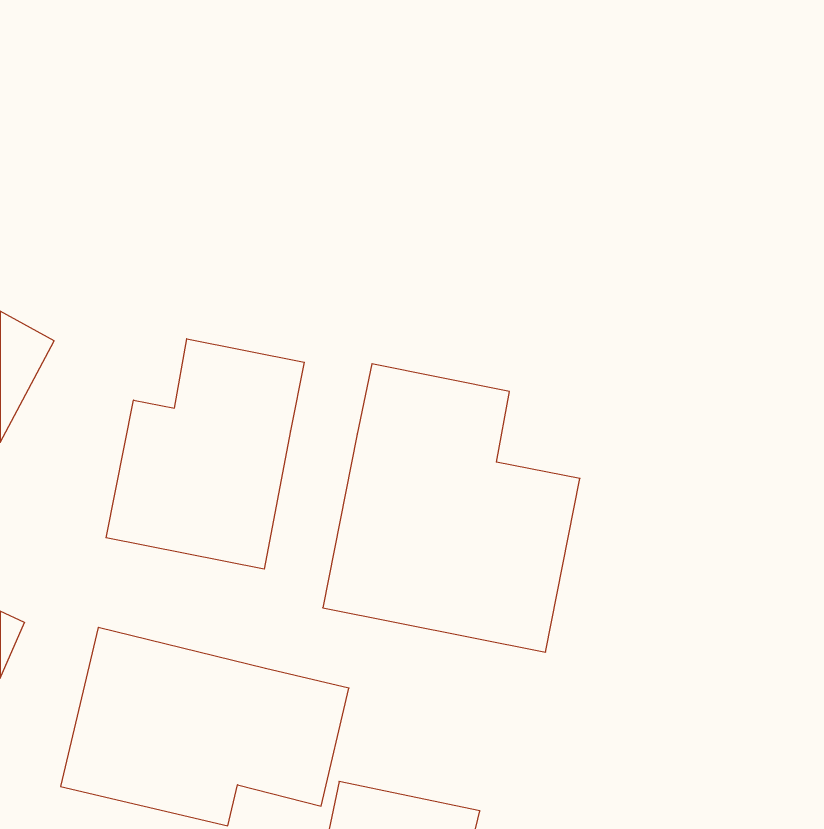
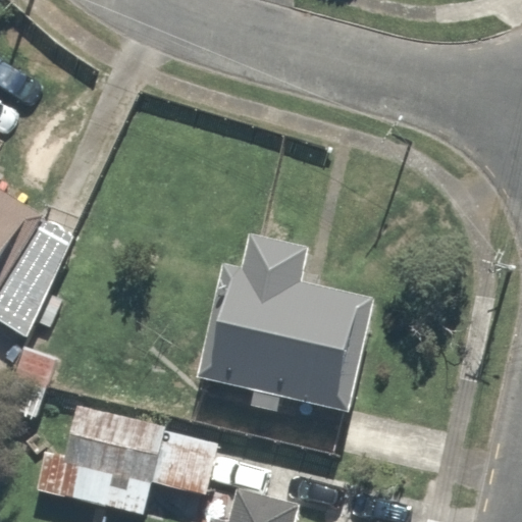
building: [106,339,304,569] -> none

